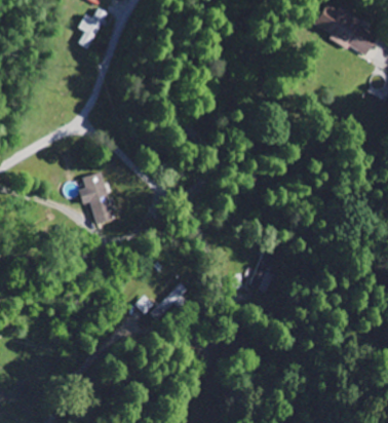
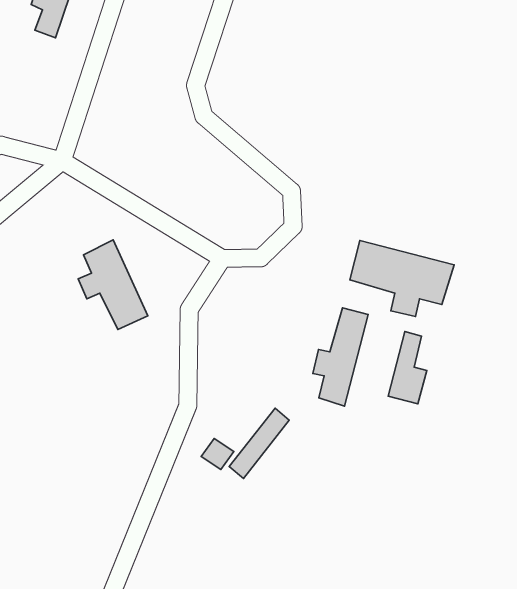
building: none -> [350,240,454,316]
building: none -> [313,308,368,406]

